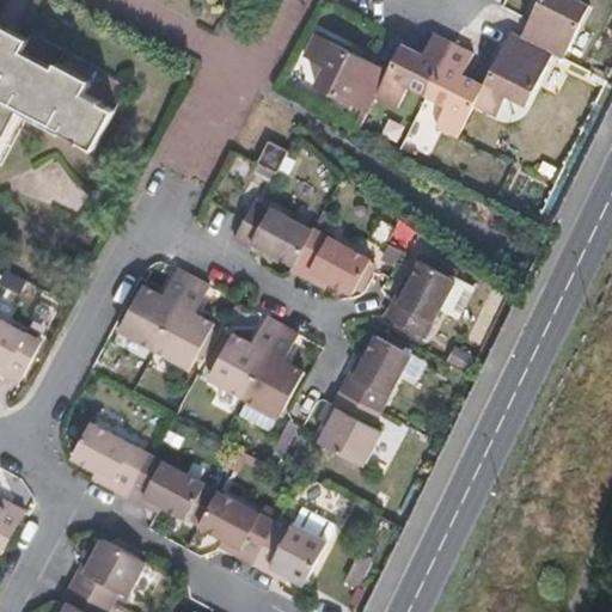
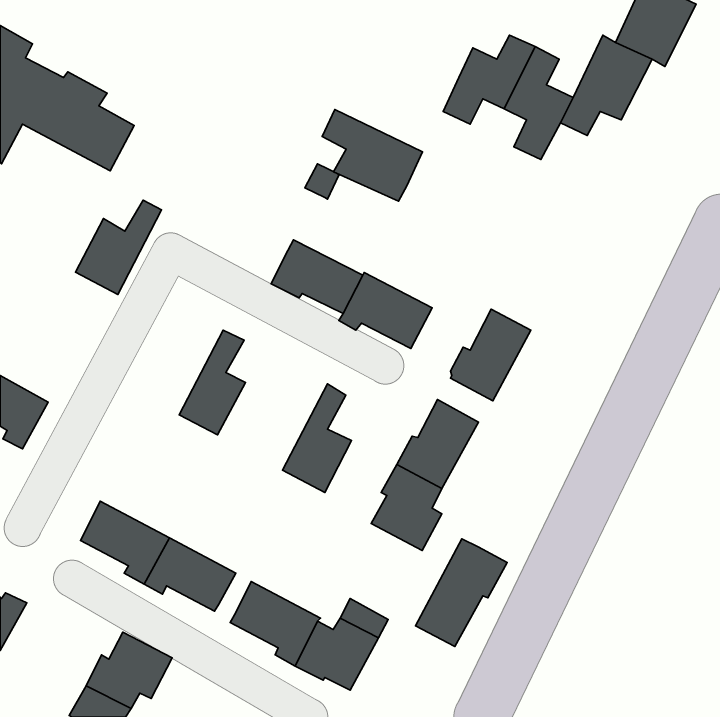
building: [305,30,390,108] -> [322,110,423,201]
building: [117,271,190,351] -> [75,200,161,295]
building: [204,317,279,398] -> none
building: none -> [415,539,507,646]

